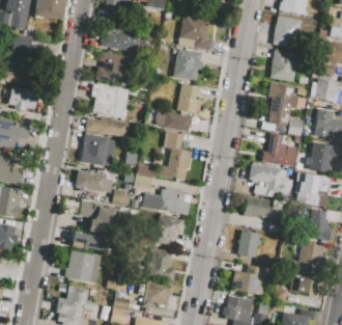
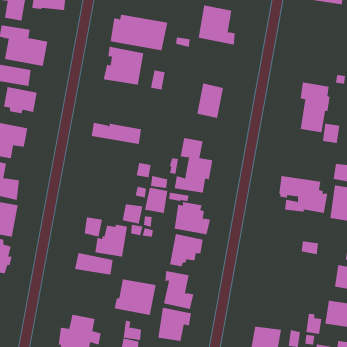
building: [273,16,301,47] -> none
building: [171,48,202,81] -> none
building: [269,49,297,82] -> none
building: [91,83,124,119] -> none
building: [164,112,192,132] -> none
building: [260,133,296,167] -> none
building: [80,134,115,167] -> none
building: [75,169,113,193] -> none
building: [244,196,272,217] -> none
building: [237,229,261,258] -> none
building: [63,251,101,283] -> [114,279,157,316]
building: [232,266,269,295] -> none

